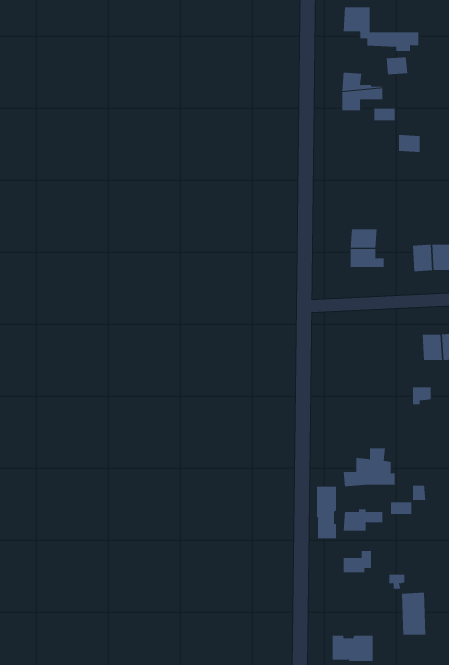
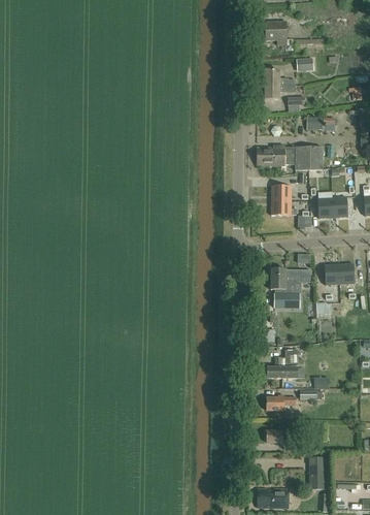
building: none -> [257,147,322,169]
building: none -> [270,268,301,308]
building: [317,486,336,539] -> none

